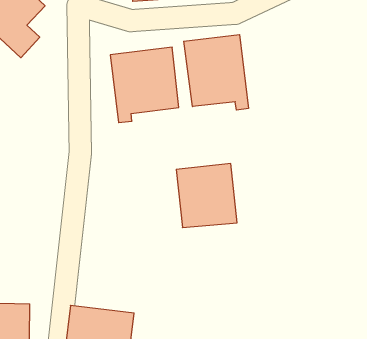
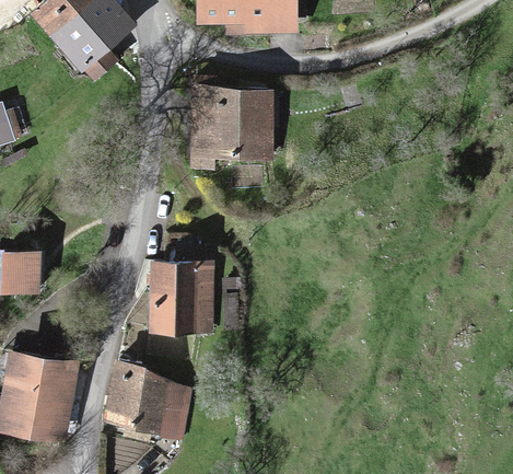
building: [184,35,248,110] -> none
building: [176,164,237,228] -> [152,265,214,333]

